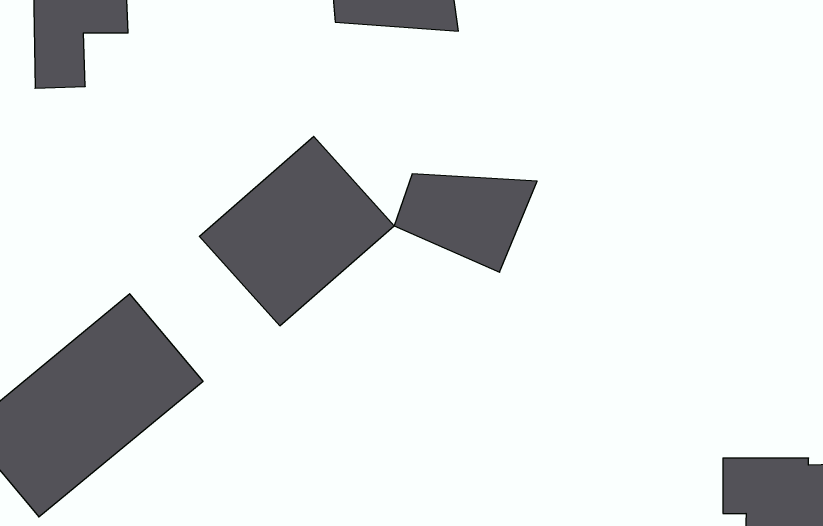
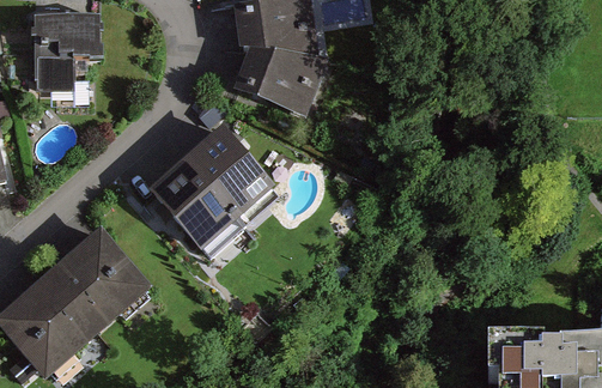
building: [394,174,537,272] -> [237,47,333,113]

